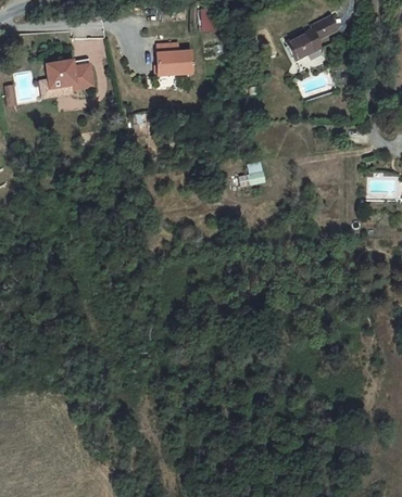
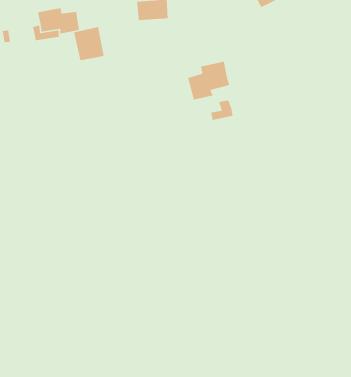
building: none -> [73,26,105,61]
building: none -> [187,61,230,101]

